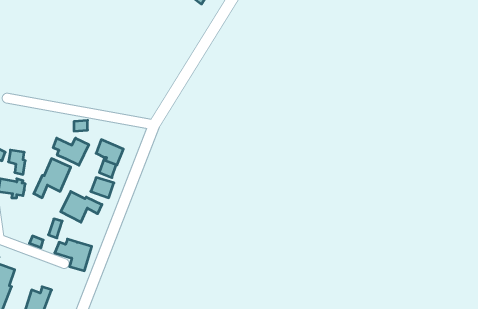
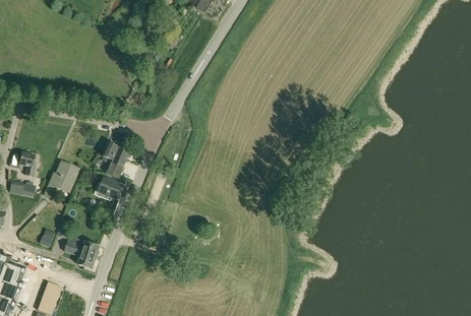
building: [53,138,89,165] -> none
building: [61,191,102,222] -> none

